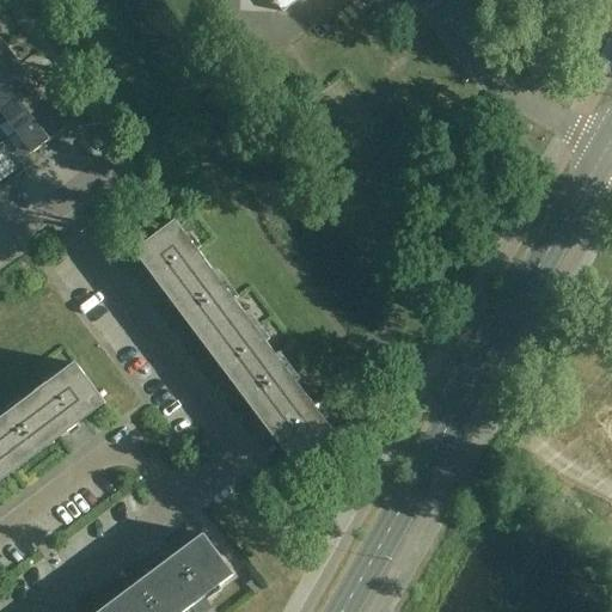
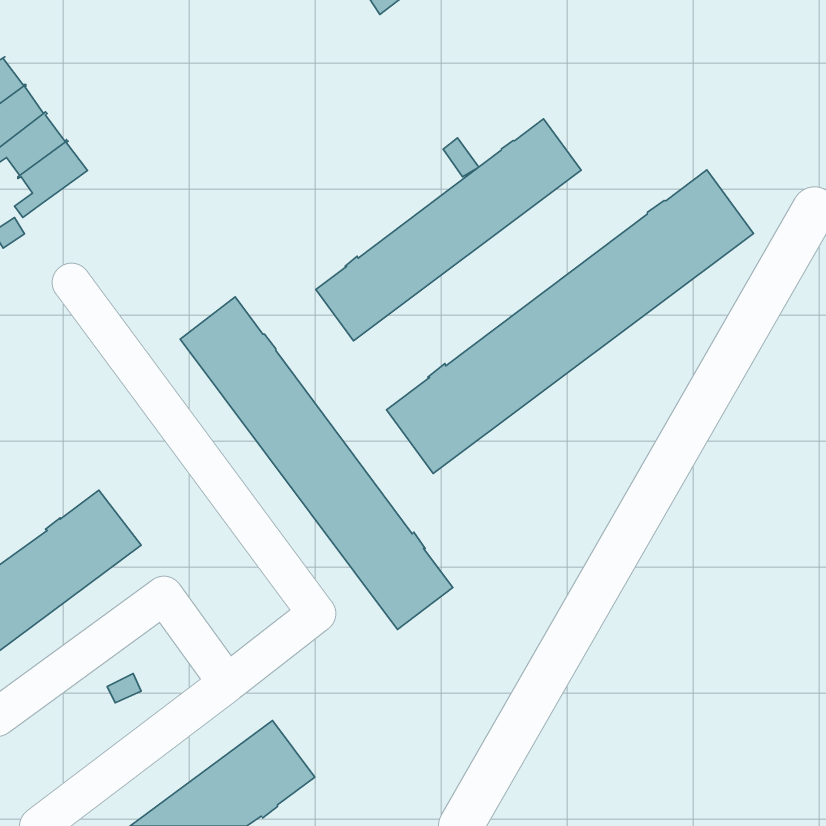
building: none -> [316,119,581,341]
building: none -> [386,170,753,473]

